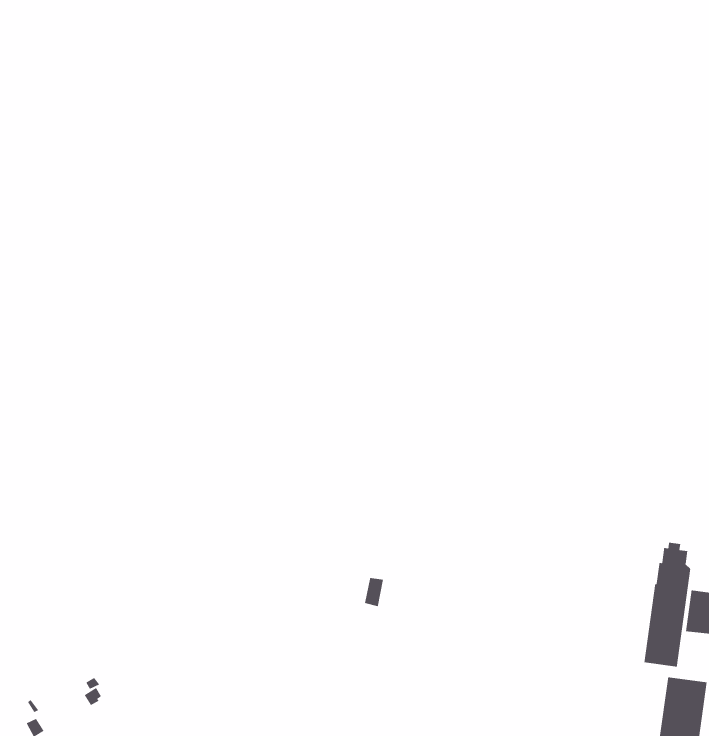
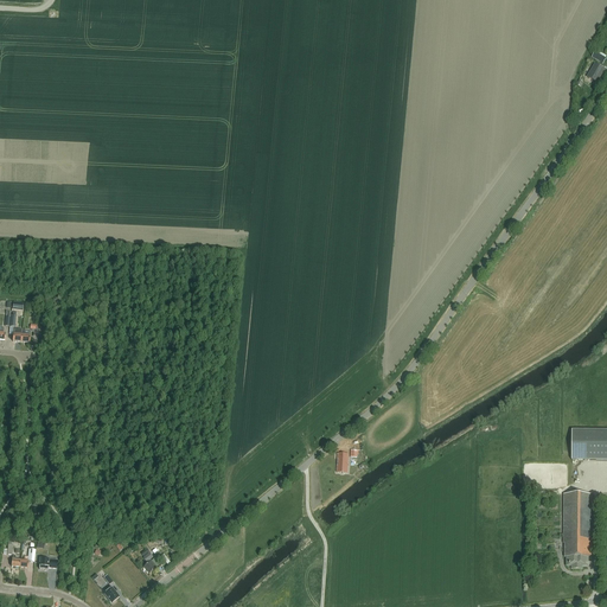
building: [644,542,691,667] -> none

